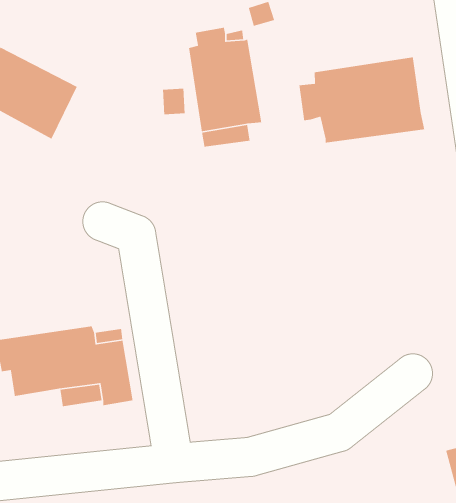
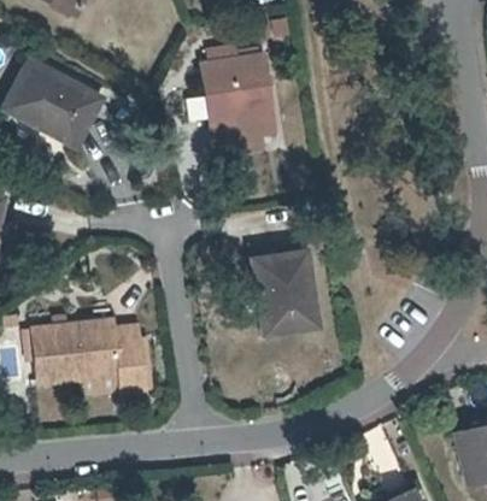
building: [299,57,425,144] -> none
building: none -> [250,249,317,335]

